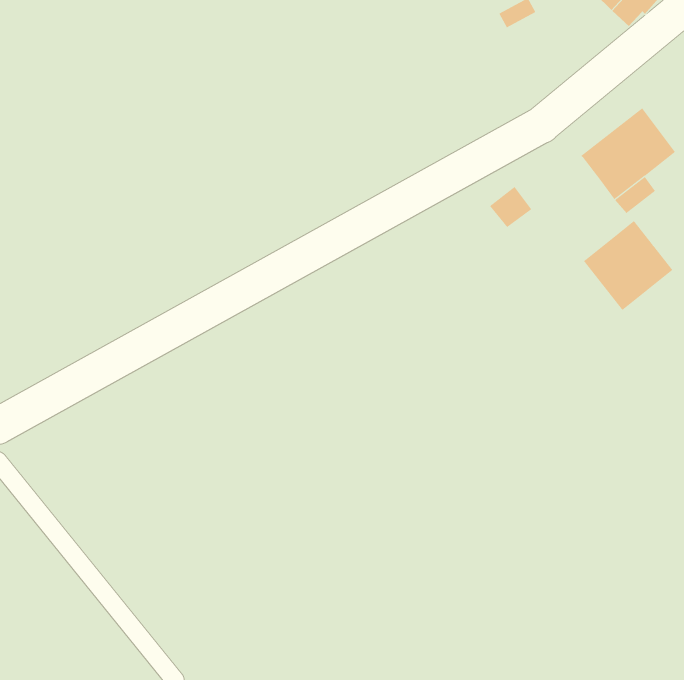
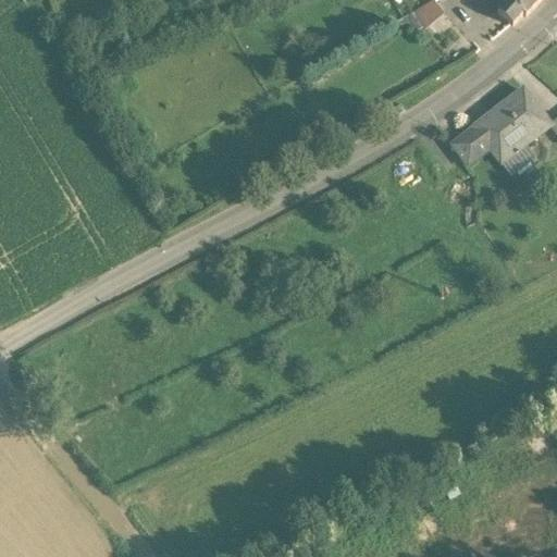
building: [489,186,532,228] -> [450,127,485,161]
building: [583,220,673,311] -> none

